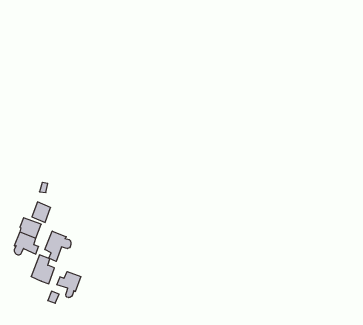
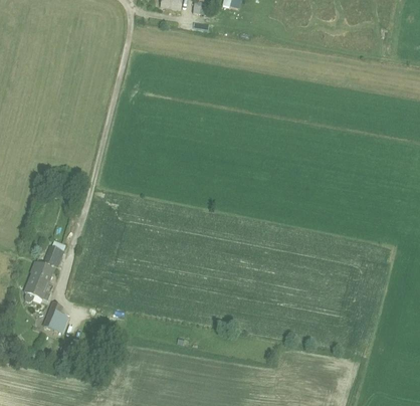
building: [45,231,71,261] -> none
building: [57,272,81,298] -> none

